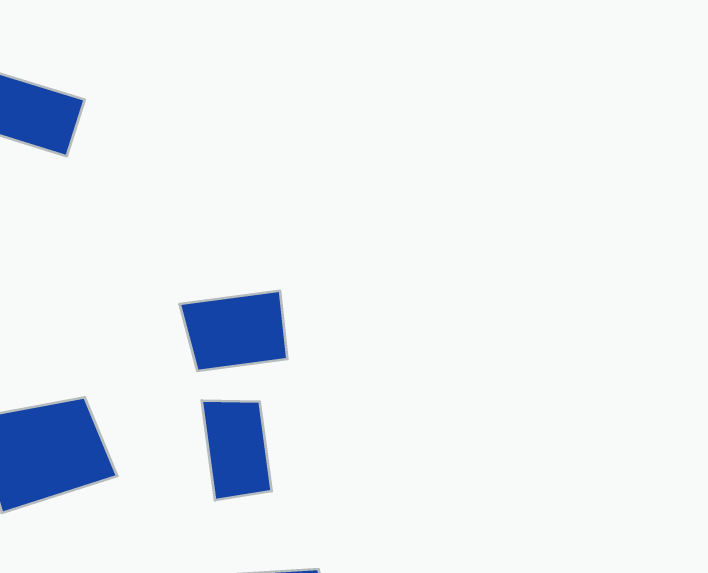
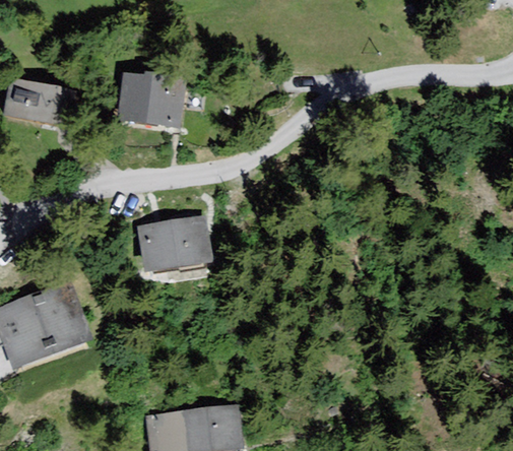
building: none -> [125,81,187,129]
building: [202,400,272,500] -> none

